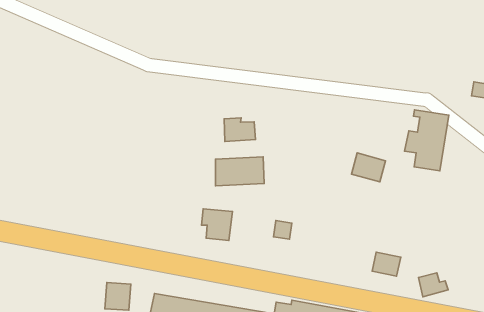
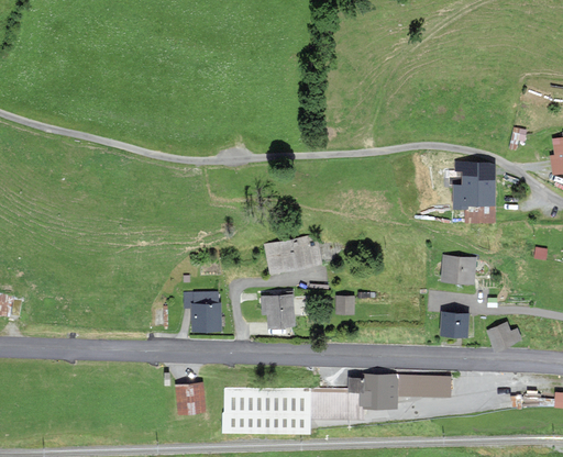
building: [224,118,255,141] -> none
building: [352,153,385,182] -> [442,257,474,282]
building: none -> [185,293,220,330]

